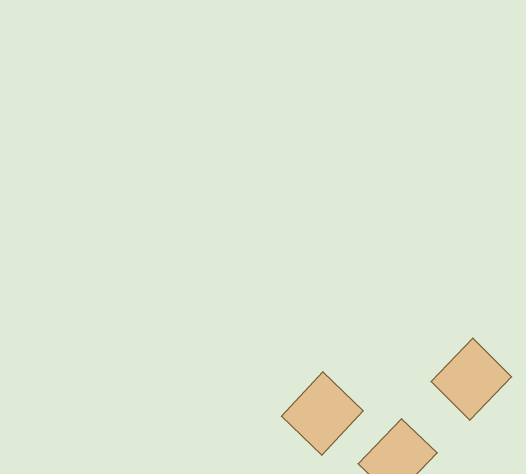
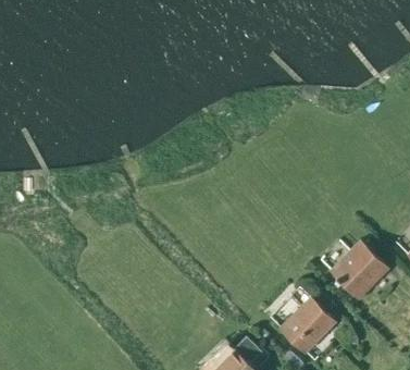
building: [281,372,363,455] -> none

